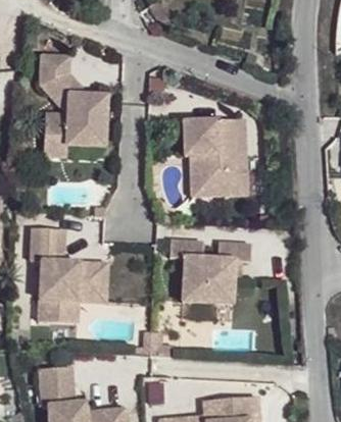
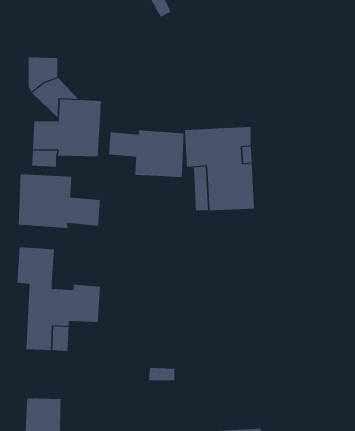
building: none -> [108,130,184,178]
building: none -> [18,174,100,229]
building: [172,245,253,309] -> none

